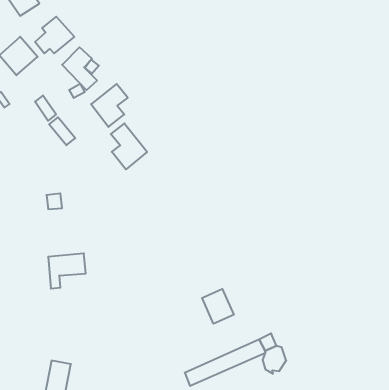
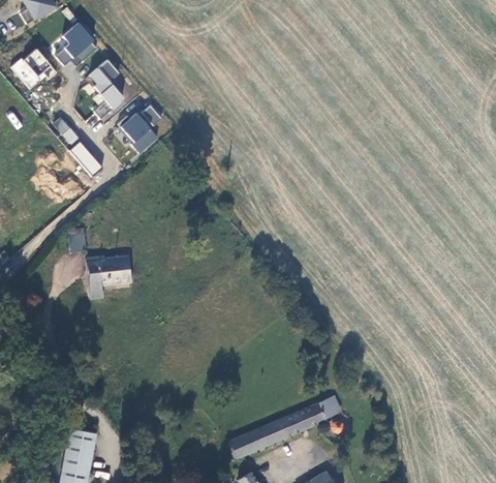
building: [111,123,147,169] -> none
building: [48,253,86,289] -> [86,255,130,297]
building: [202,289,234,324] -> none

